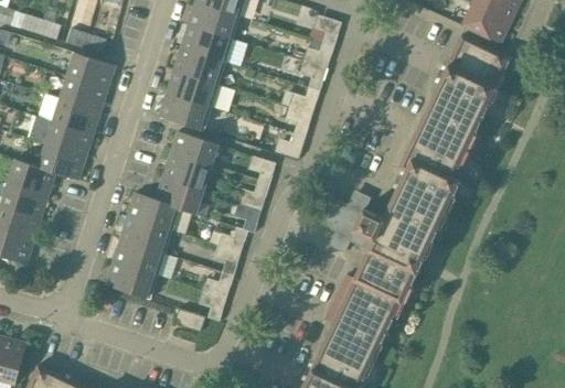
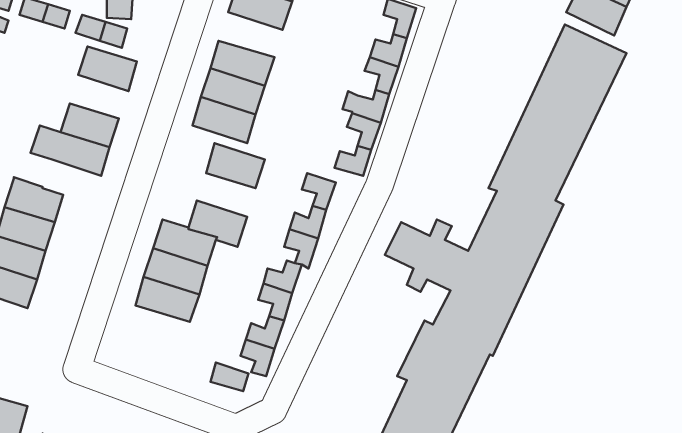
building: [181,25,233,62] -> none
building: [61,76,108,111] -> none
building: [39,144,86,181] -> none
building: [163,155,211,191] -> none
building: [106,262,158,300] -> none

